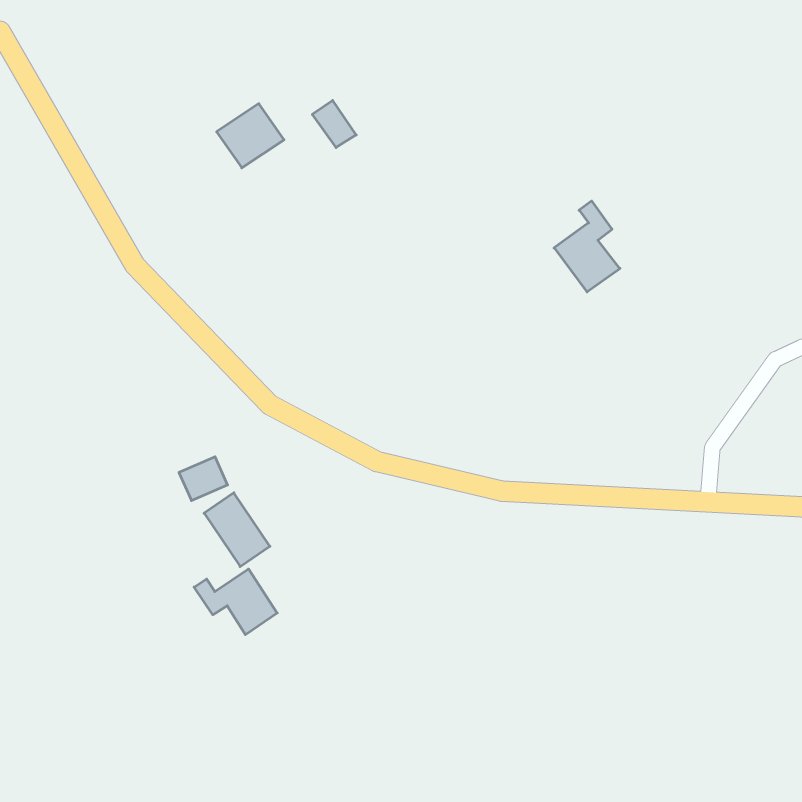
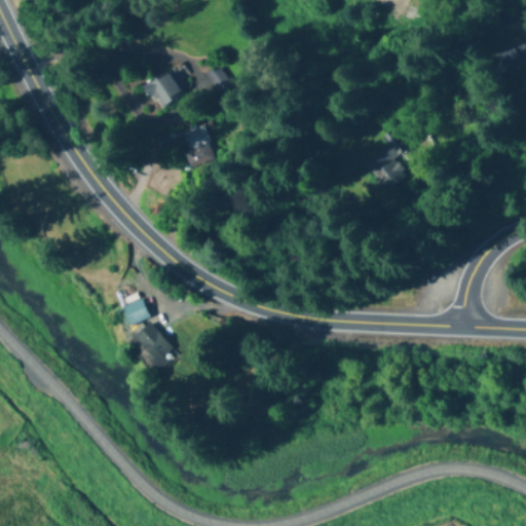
building: none -> [178,126,215,171]
building: [194,569,277,635] -> none

